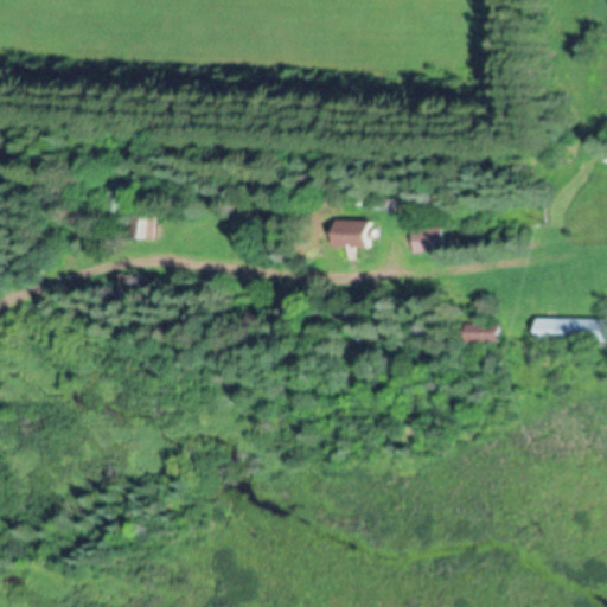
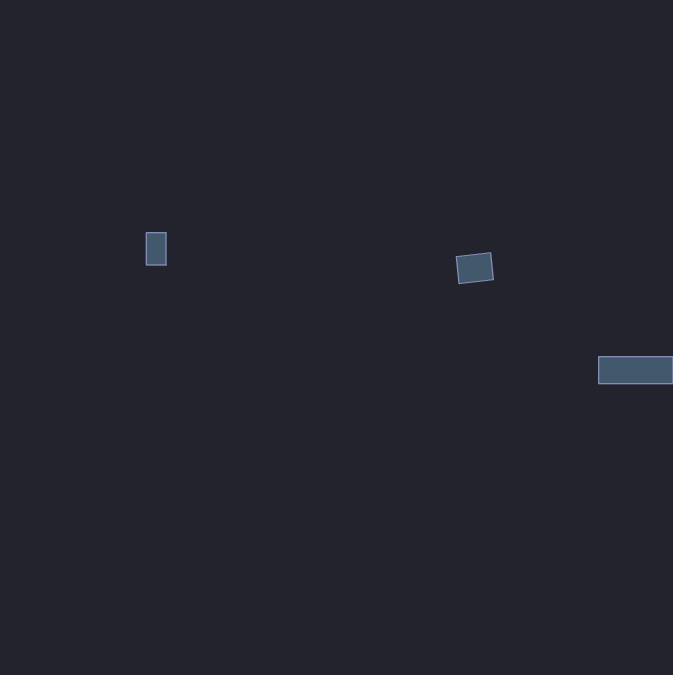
building: [334,222,370,248] -> none
building: [459,321,494,341] -> none

